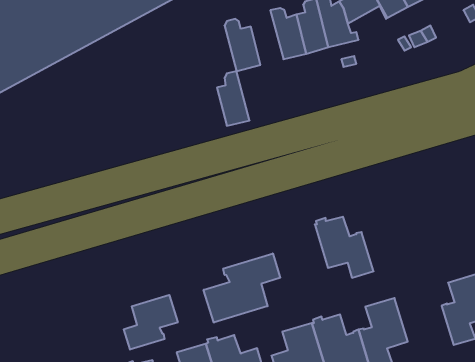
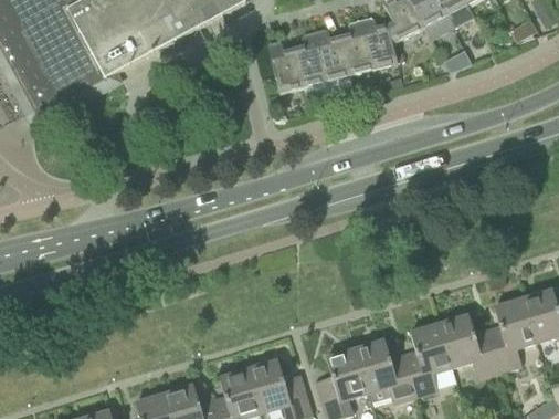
building: [217,71,250,126] -> [294,31,327,86]
building: [315,217,374,278] -> [440,315,499,377]
building: [204,253,280,323] -> none
building: [124,295,178,350] -> none

